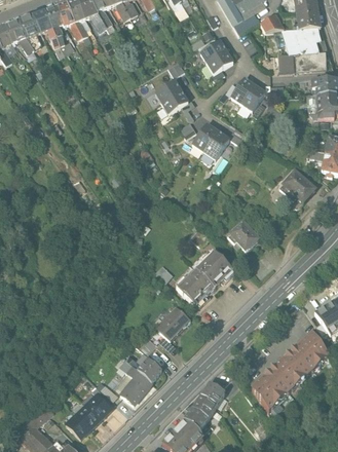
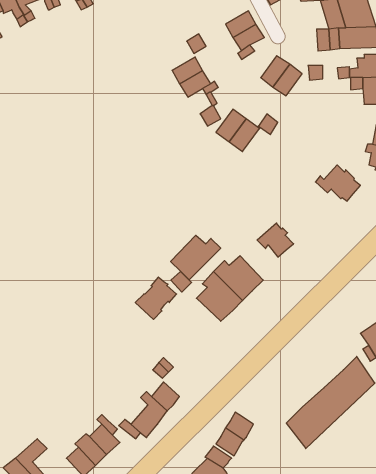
building: none -> [171,235,221,280]
building: [155,302,190,338] -> [135,277,177,319]

